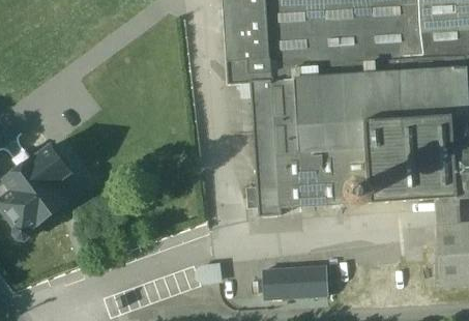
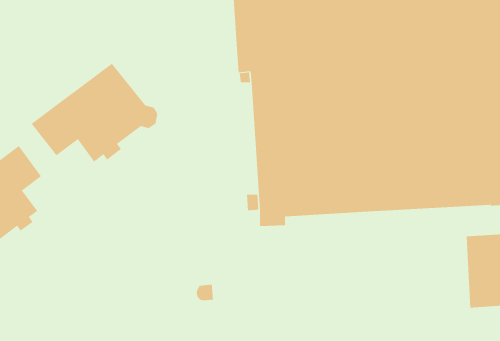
building: none -> [31,63,158,162]
building: [263,265,328,297] -> none

